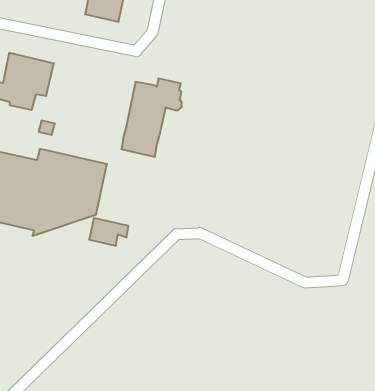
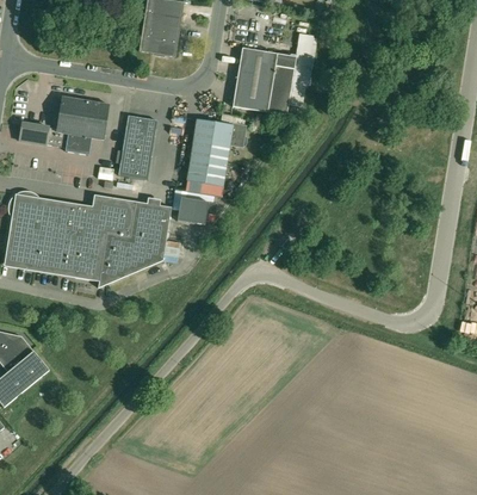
building: none -> [231,32,312,115]
building: none -> [117,115,156,179]
building: [89,218,128,246] -> [175,197,216,224]

